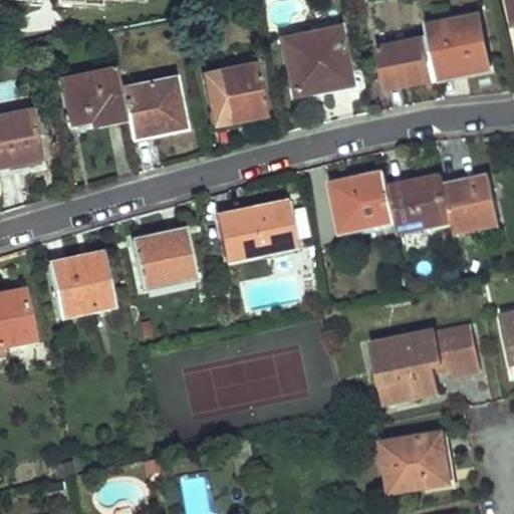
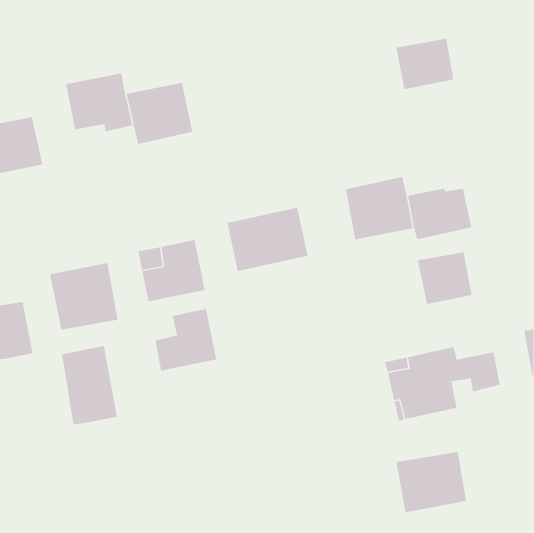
building: [425,13,490,76] -> none
building: [283,25,347,94] -> none
building: [206,63,266,122] -> none
building: [445,178,498,229] -> [417,251,473,305]
building: none -> [154,308,217,371]
building: none -> [61,345,118,425]

